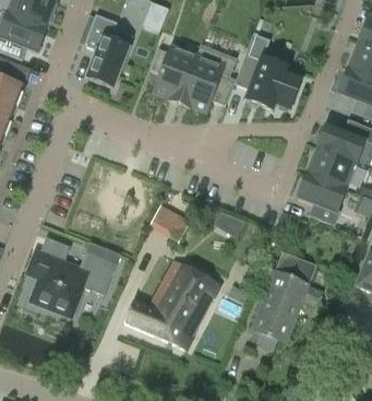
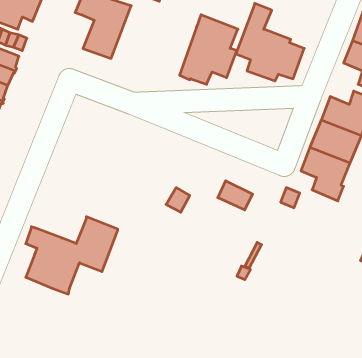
building: [149,47,195,104] -> none
building: [252,252,322,349] -> none
building: [123,260,219,349] -> none

